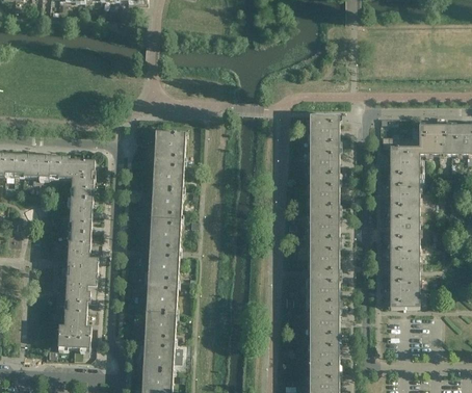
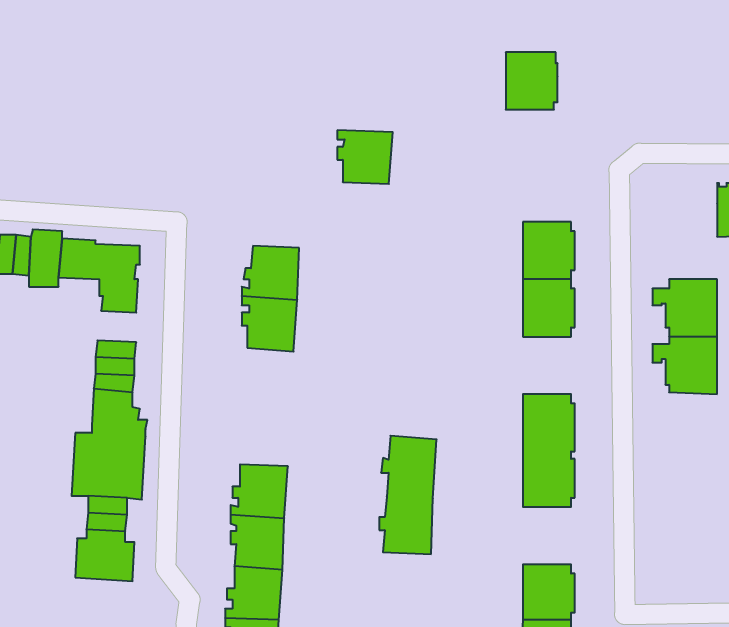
building: [309,113,338,146] -> [506,52,558,110]
building: [154,130,185,160] -> [337,130,393,184]
building: [382,135,418,178] -> none
building: [70,195,96,213] -> none
building: [309,210,338,242] -> none
building: [148,216,180,283] -> [379,436,437,554]
building: [382,241,418,307] -> none
building: [309,306,338,338] -> none

